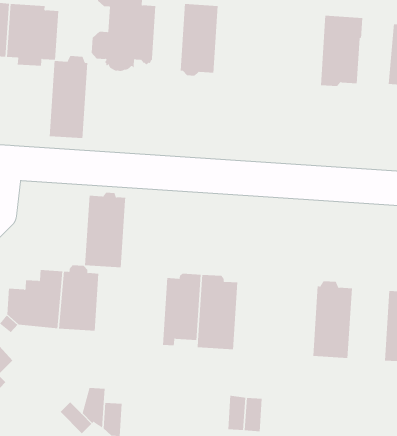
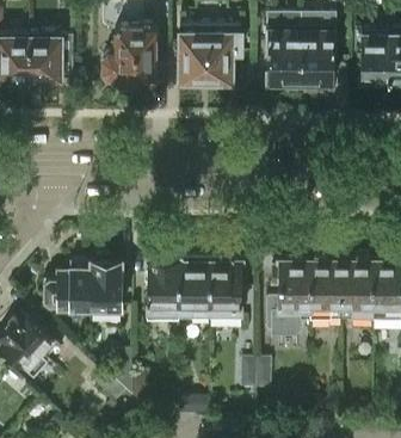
building: none -> [210,23,241,86]
building: none -> [267,25,302,86]
building: [49,55,88,139] -> none
building: [84,192,126,268] -> [148,254,180,319]
building: none -> [266,258,310,334]
building: none -> [341,254,372,320]

